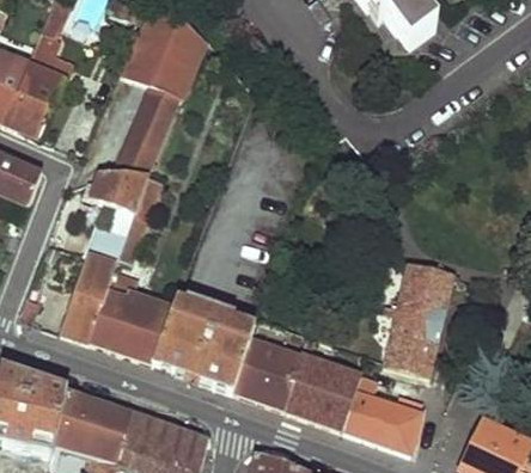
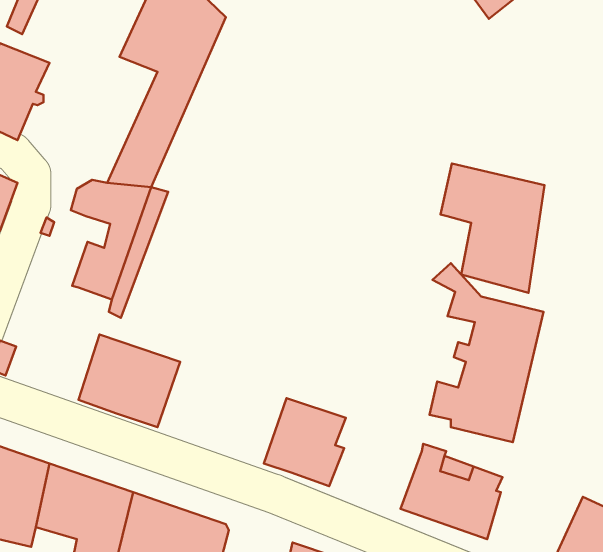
building: none -> [441,164,545,293]
building: [61,253,115,342] -> none
building: [151,301,256,392] -> none
building: [286,356,360,428] -> none

